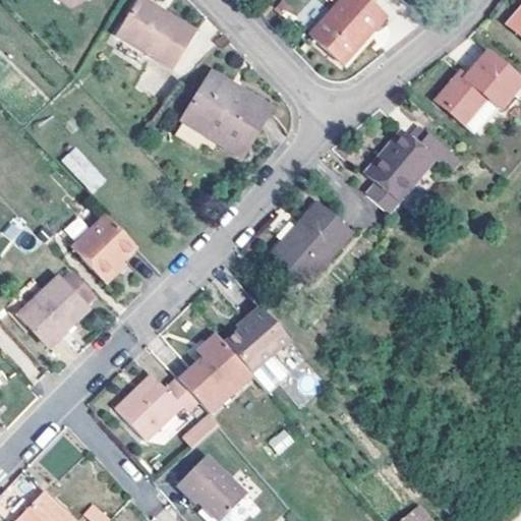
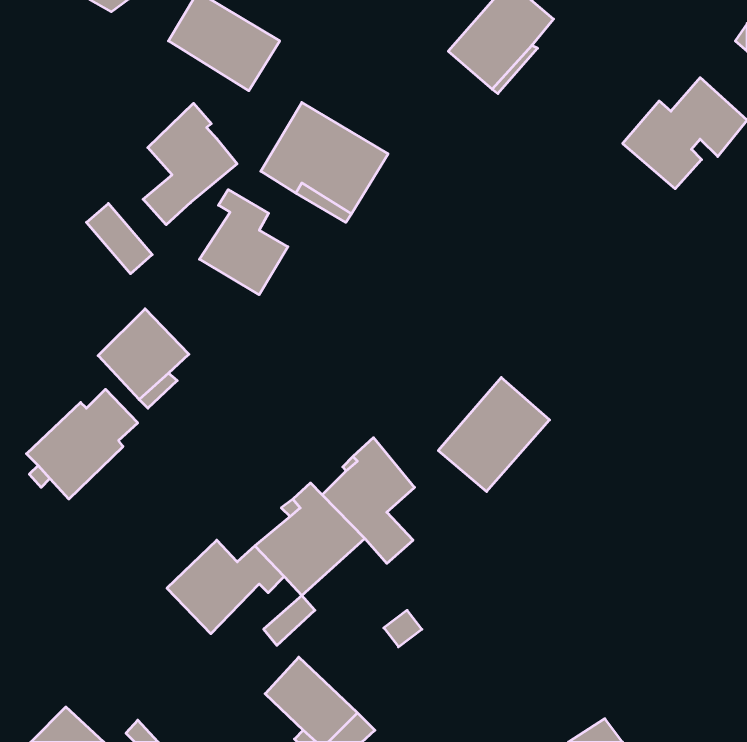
building: none -> [143,103,237,225]
building: [363,127,455,213] -> none
building: none -> [199,190,288,295]
building: [270,205,347,284] -> [438,377,550,492]

